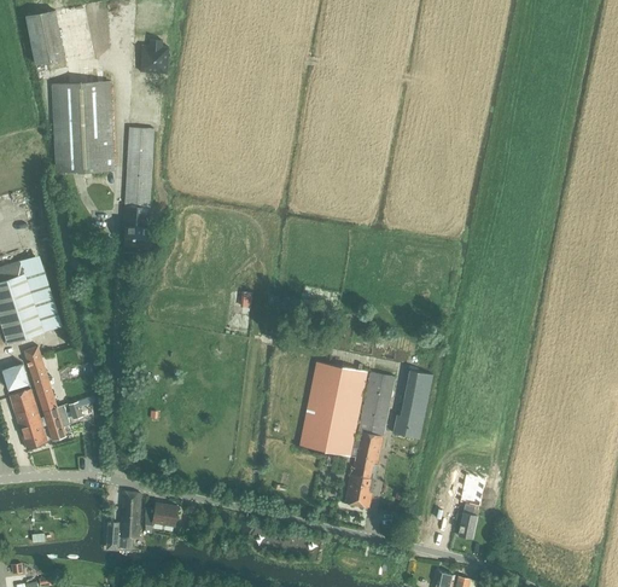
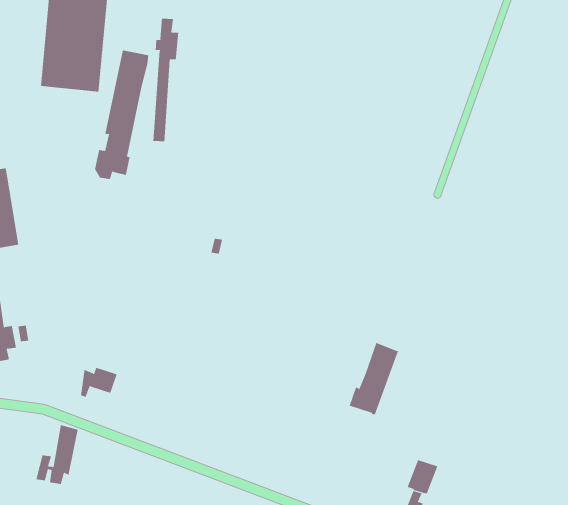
building: none -> [153,18,179,142]
building: [299,360,395,507] -> none
building: [145,502,177,533] -> [80,367,118,398]

